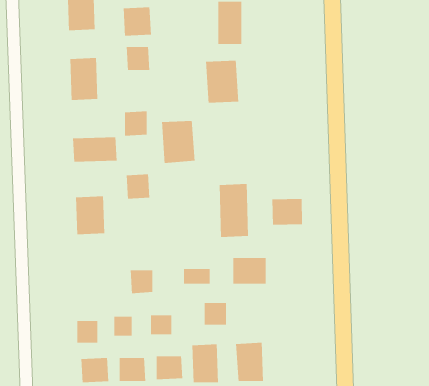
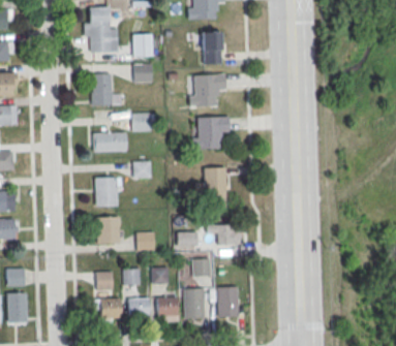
building: [161,120,195,164] -> [196,117,222,150]
building: [272,198,303,226] -> none
building: none -> [97,216,120,245]

